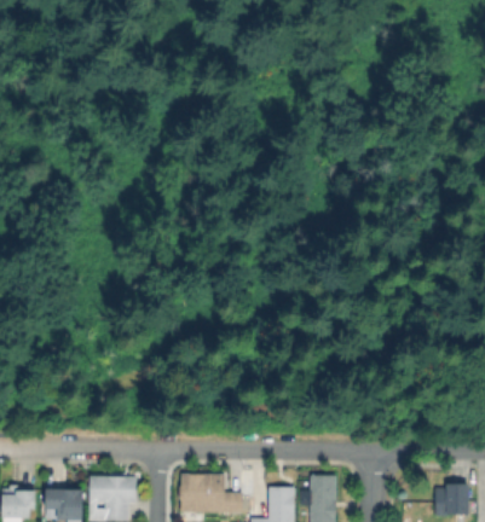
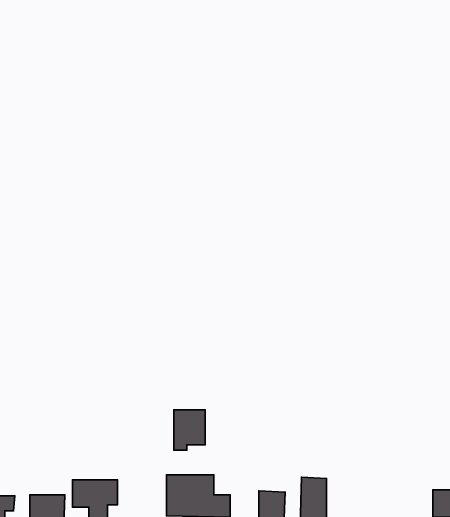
building: none -> [174,410,205,450]

